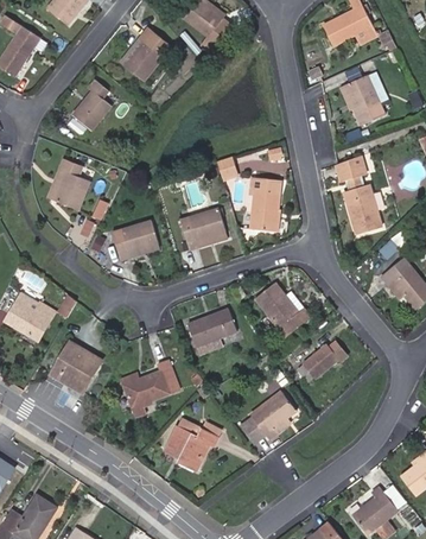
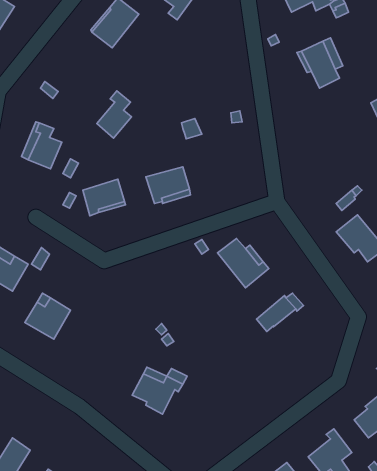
building: [74,80,110,129] -> [97,91,131,138]
building: [335,156,381,234] -> none
building: [249,179,280,232] -> none
building: [187,307,237,345] -> none
building: [122,360,179,417] -> none
building: [240,391,295,443] -> none

